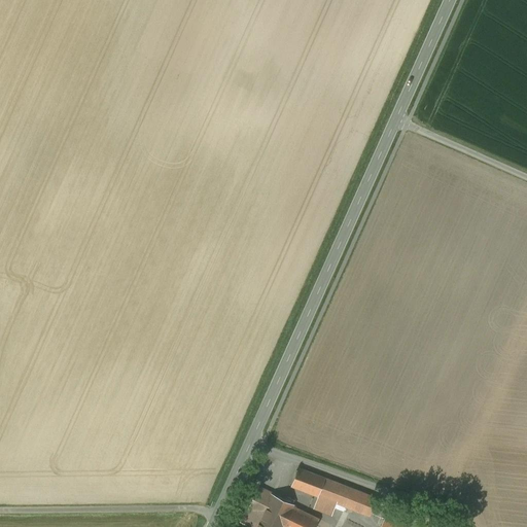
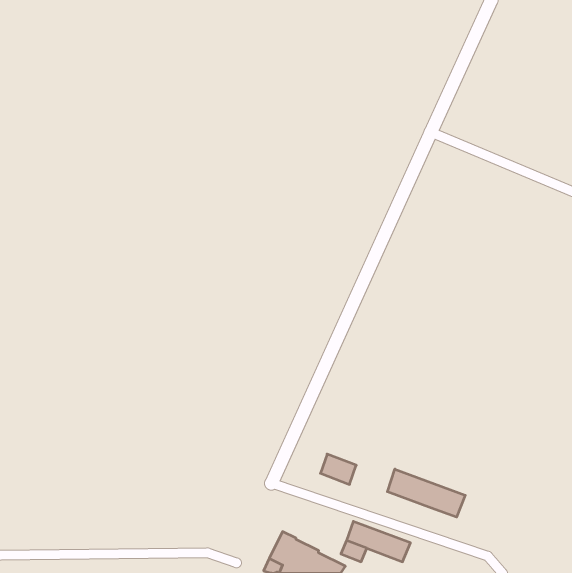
building: none -> [387,469,465,517]
building: [292,468,325,496] -> [320,454,356,484]

